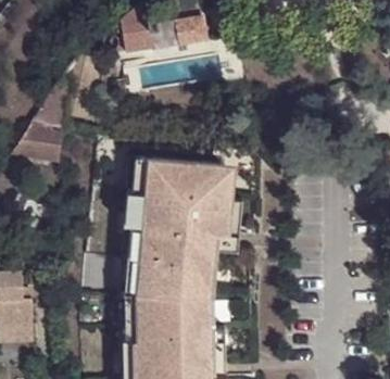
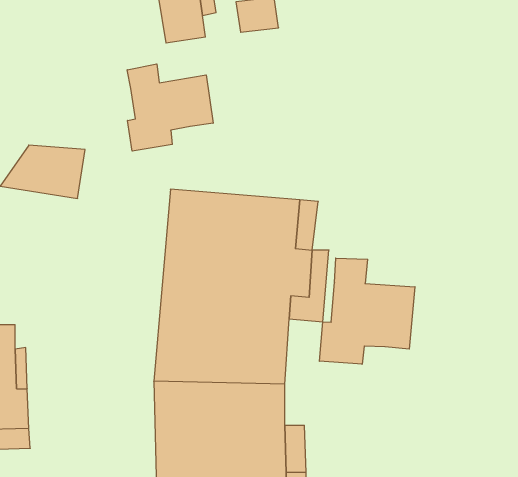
building: none -> [127,64,213,151]
building: none -> [319,258,415,364]

